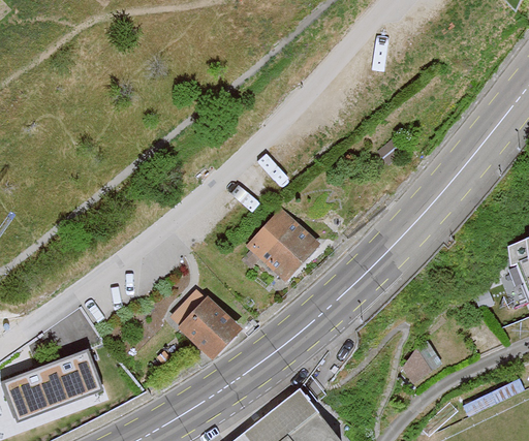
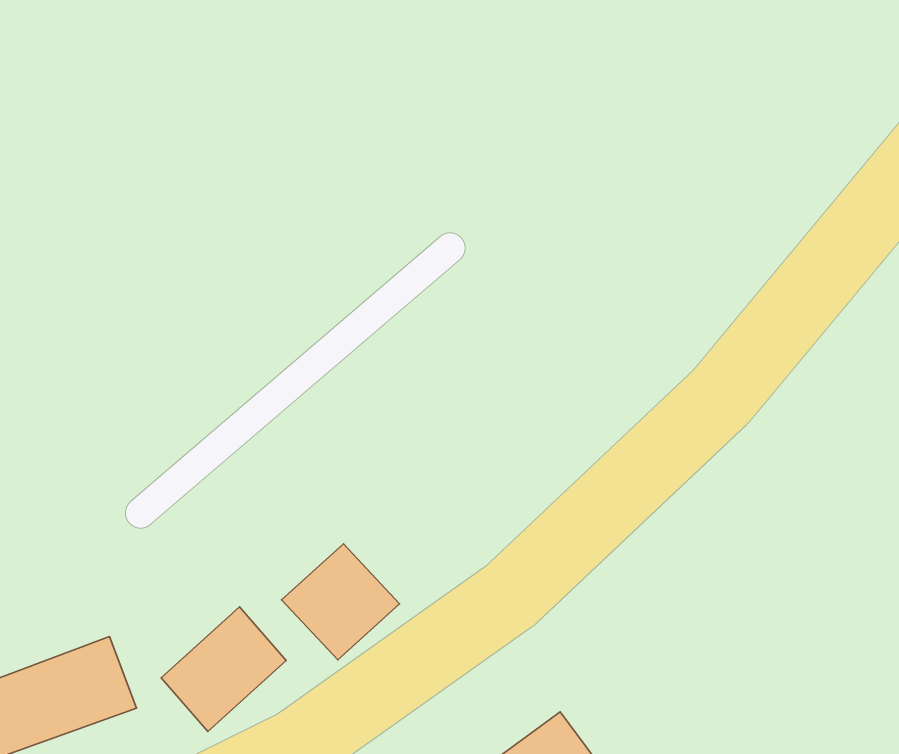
building: [244,209,314,279] -> none
building: none -> [161,607,286,732]

